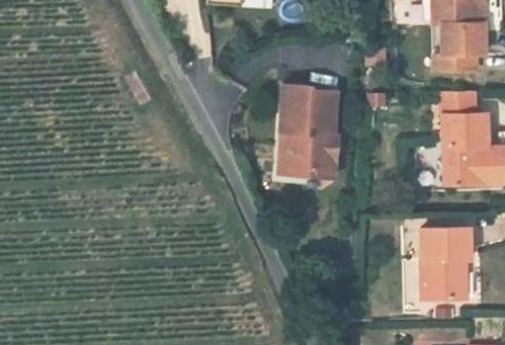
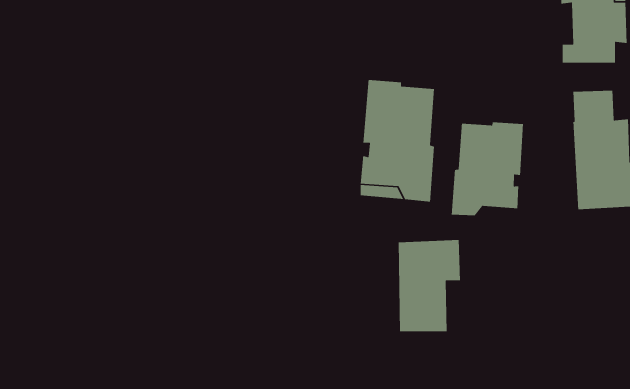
building: none -> [451,122,524,216]
building: [422,228,471,299] -> [398,239,461,332]

